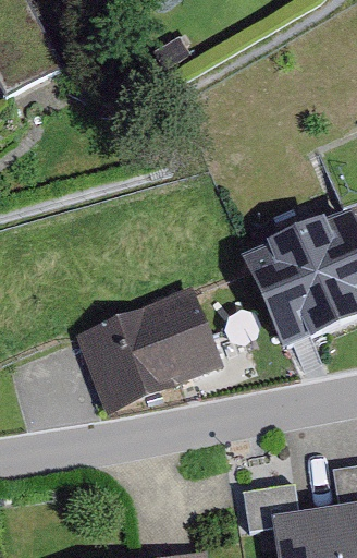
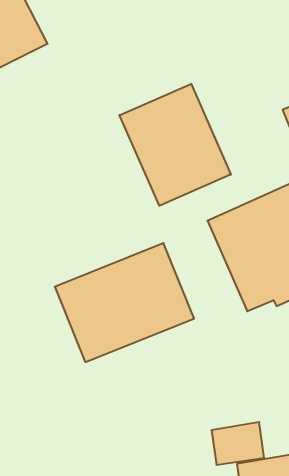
building: none -> [119,84,231,206]

